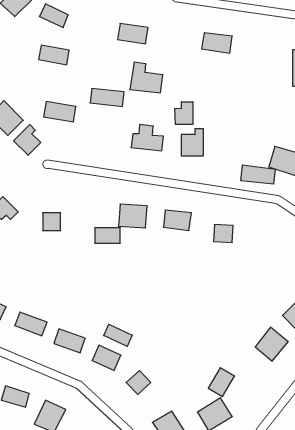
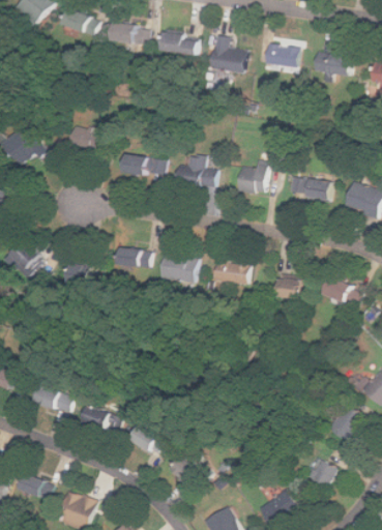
building: none -> [311,51,351,76]
building: [39,45,69,65] -> [111,22,148,46]
building: [130,62,163,93] -> [208,34,248,71]
building: [90,89,124,106] -> [123,154,165,176]
building: [175,102,193,124] -> none
building: [14,125,41,155] -> none
building: [241,165,275,184] -> [288,176,330,199]
building: none -> [323,275,362,306]
building: [95,228,120,243] -> [119,248,150,267]
building: [104,324,132,346] -> none
building: [208,368,235,397] -> [303,459,335,494]

